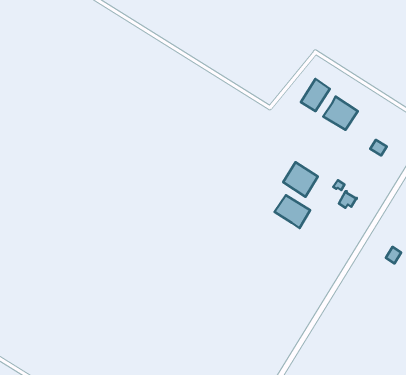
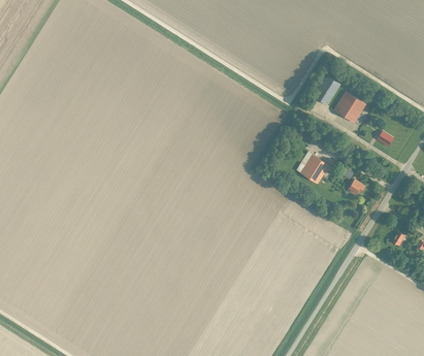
building: [274,195,310,228] -> none

